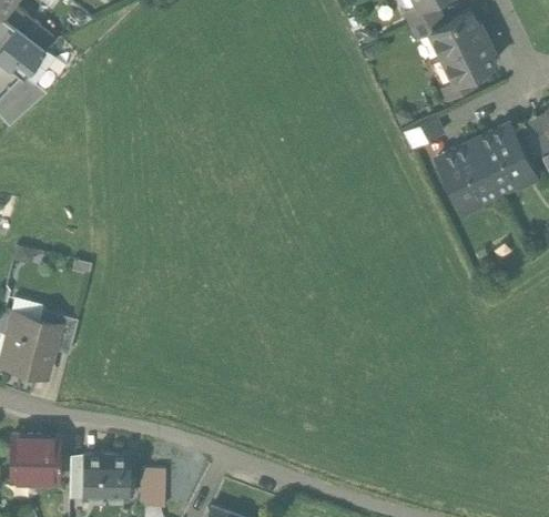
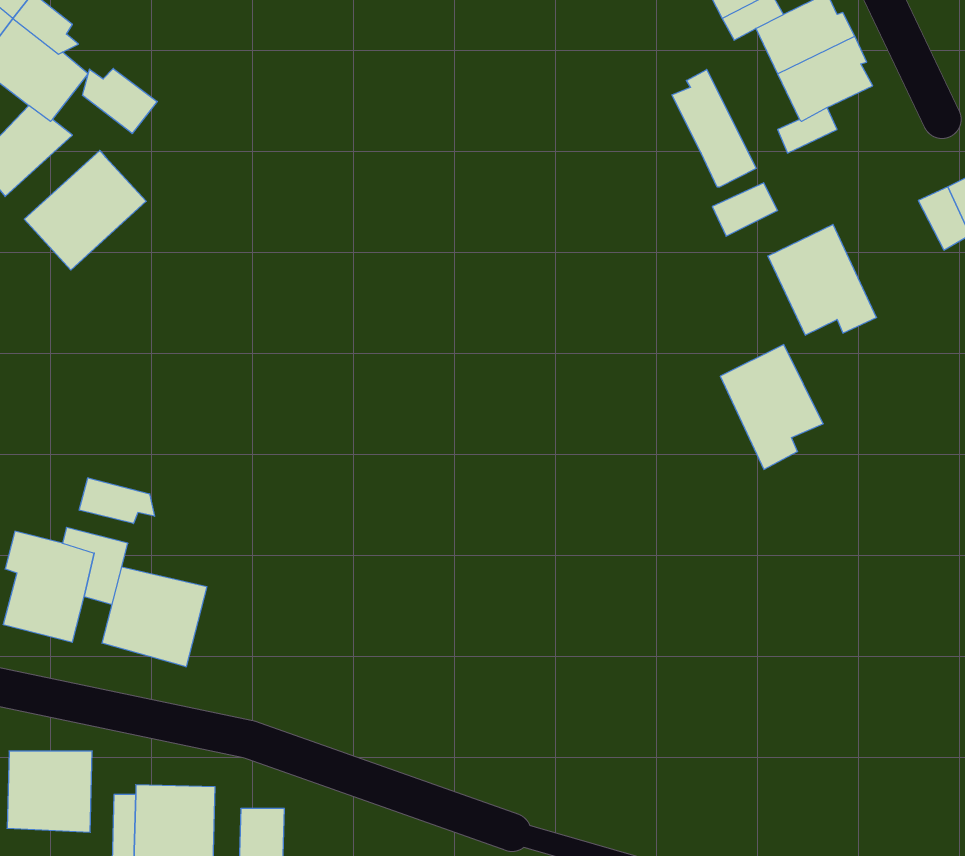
building: none -> [82,68,157,134]
building: none -> [672,69,756,187]
building: none -> [24,150,146,270]
building: [472,124,530,194] -> [720,345,823,469]
building: none -> [79,478,155,524]
building: none -> [102,567,207,667]

